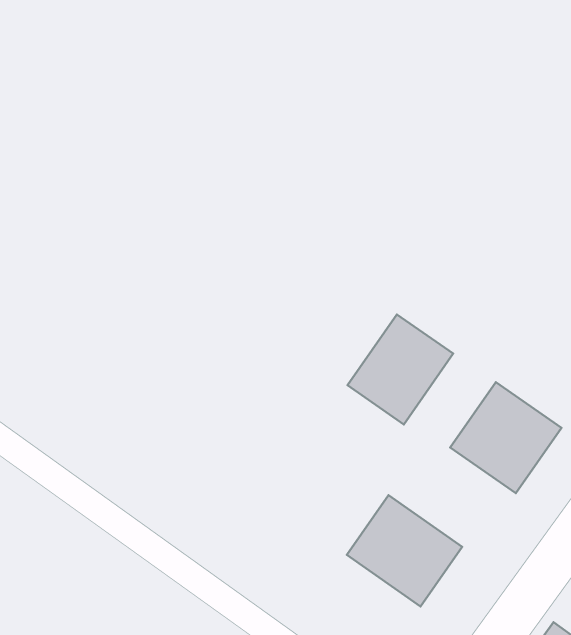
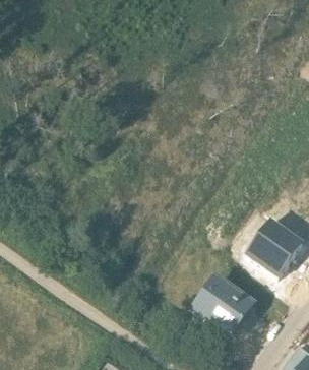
building: [347,314,453,424] -> none

